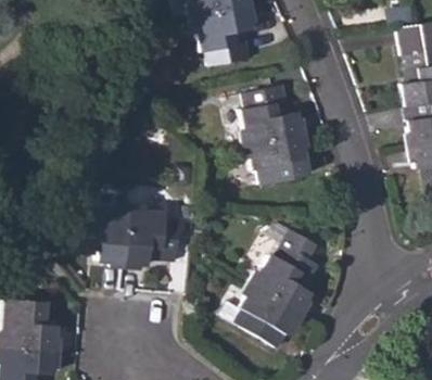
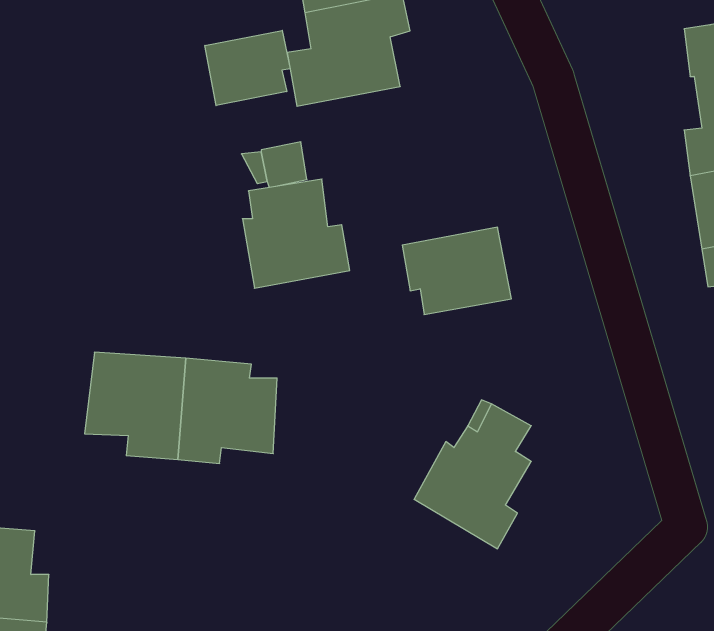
building: none -> [205,30,290,106]
building: [242,86,301,145] -> [242,179,350,288]
building: [237,284,301,347] -> none

